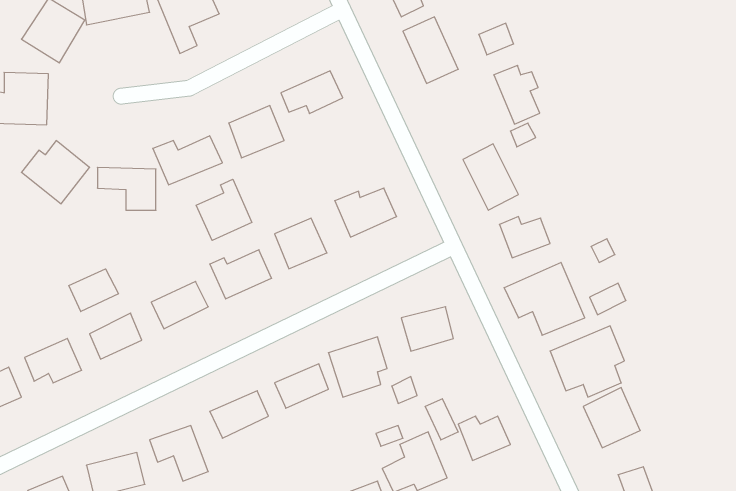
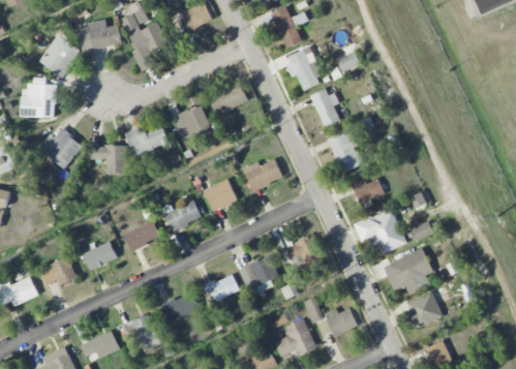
building: [494,65,540,124] -> [310,89,340,127]
building: [196,179,252,240] -> none
building: [69,269,118,312] -> none

